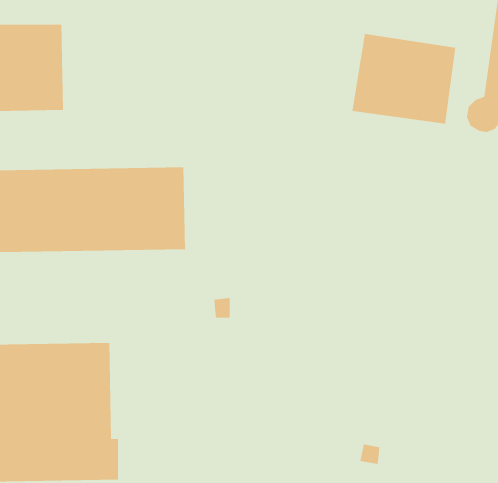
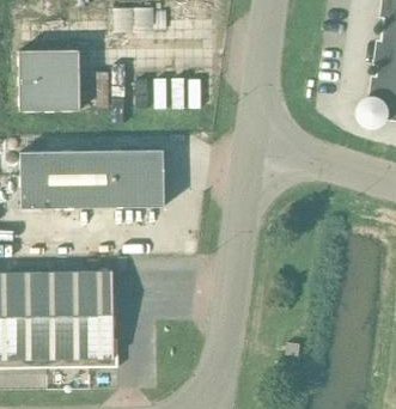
building: [352,33,456,124] -> none

